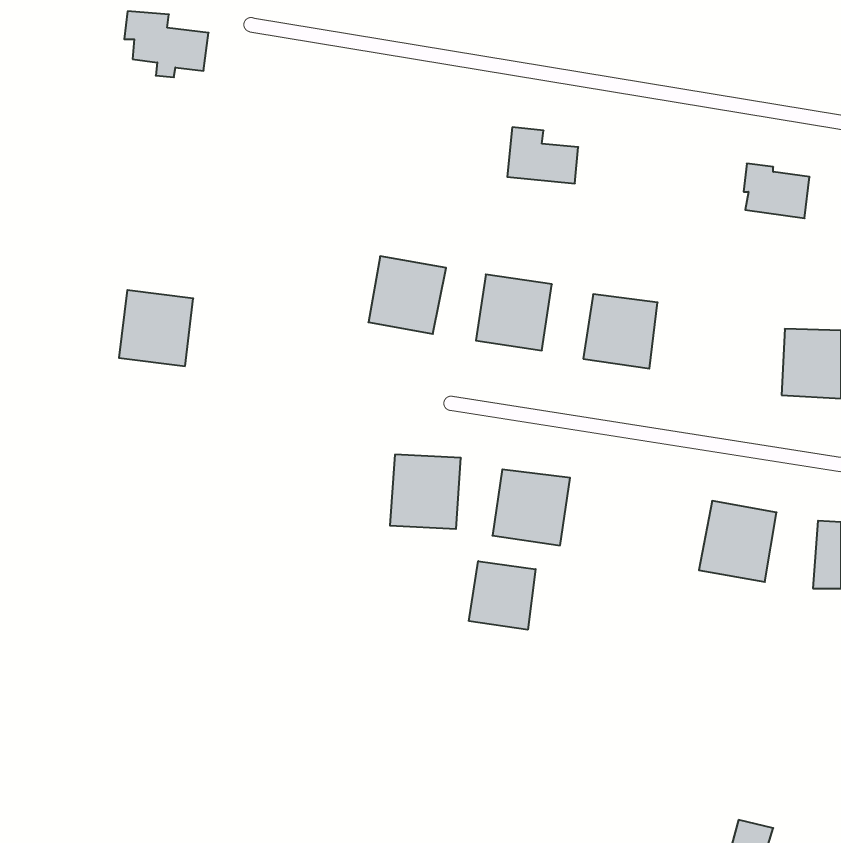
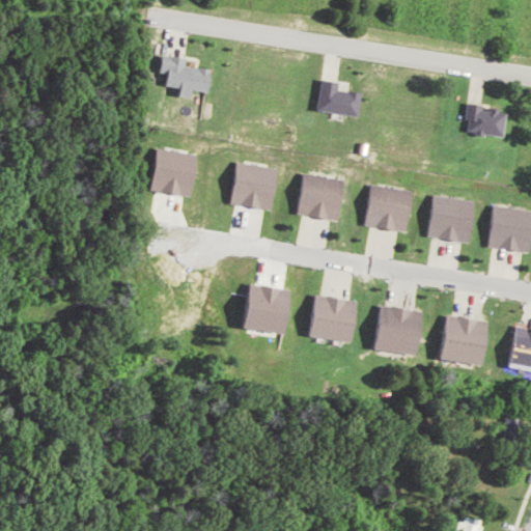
building: [124,11,209,77] -> [161,56,214,97]
building: [119,290,193,366] -> [151,149,198,197]
building: none -> [430,197,475,242]
building: none -> [374,307,420,355]
building: [469,561,536,630] -> none

